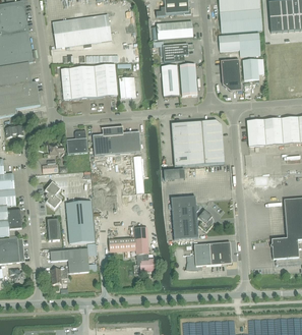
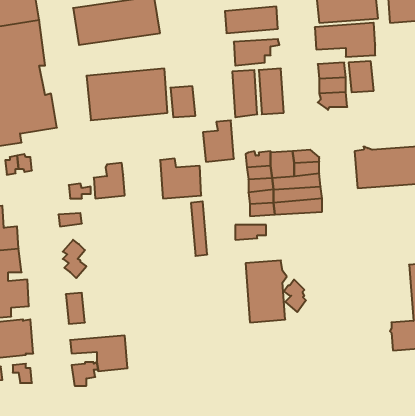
building: [93,126,114,155] -> [203,120,234,162]
building: [66,200,95,242] -> none
building: [109,226,154,269] -> none
building: [186,241,232,270] -> none

